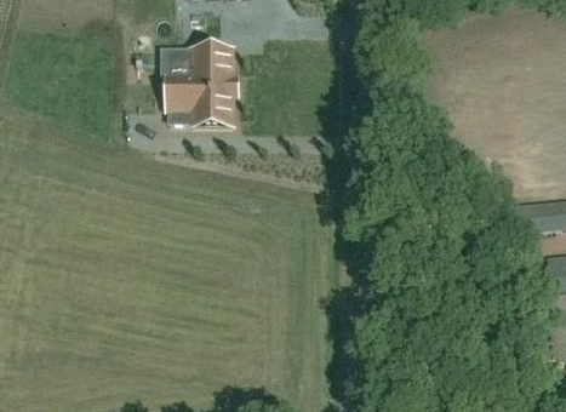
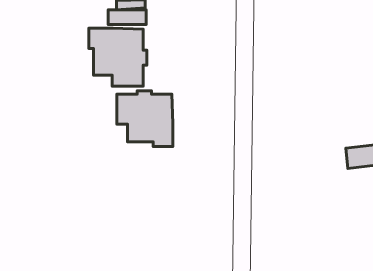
building: none -> [117,91,173,146]

